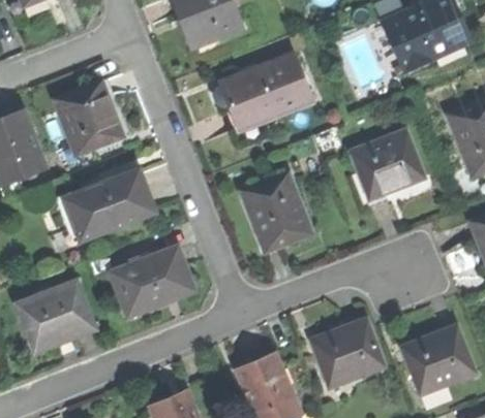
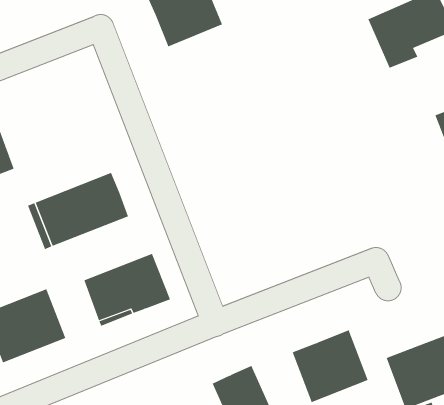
building: [223,56,312,123] -> none
building: [55,78,126,154] -> none
building: [352,130,426,199] -> none
building: [241,171,313,252] -> none

